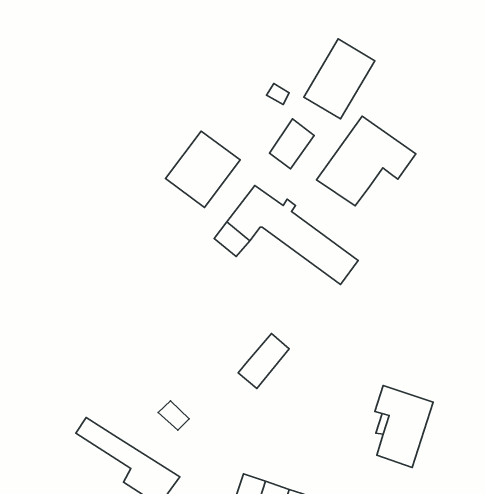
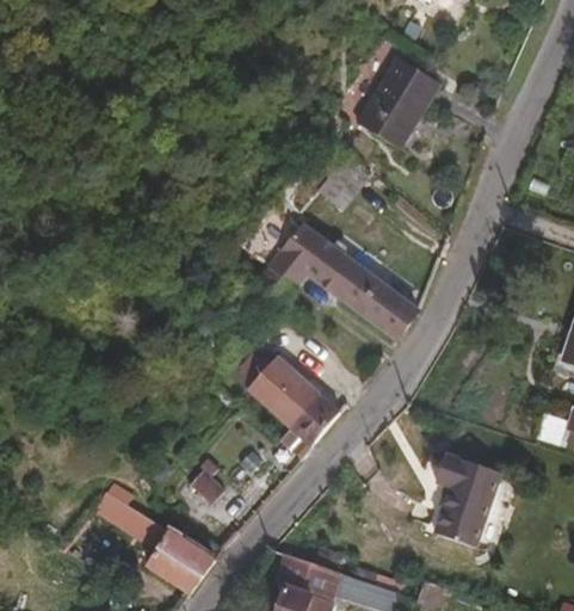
building: [316,116,416,206] -> none
building: [166,131,240,208] -> none
building: none -> [247,357,317,426]

